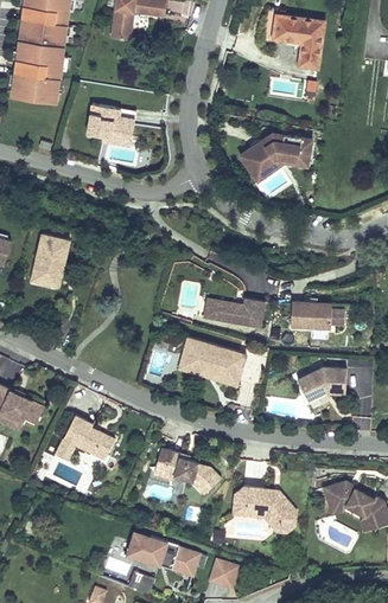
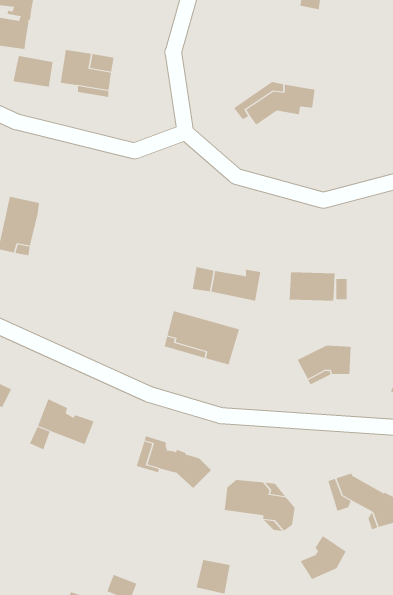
building: none -> [13,55,53,88]
building: [248,155,311,182] -> none
building: [127,533,205,575] -> none
building: none -> [300,535,346,580]

